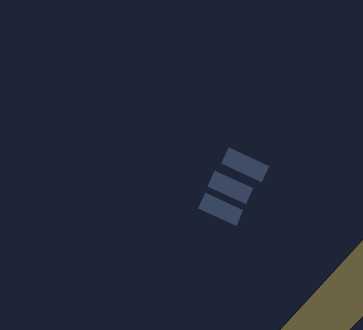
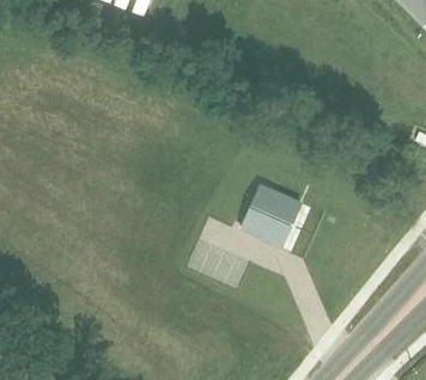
building: [220,146,270,183] -> none

